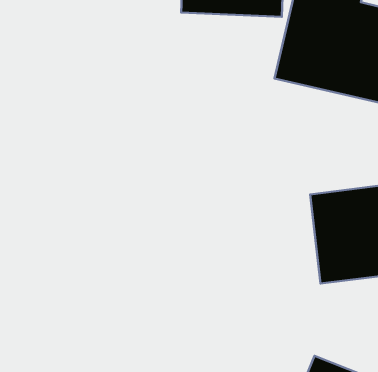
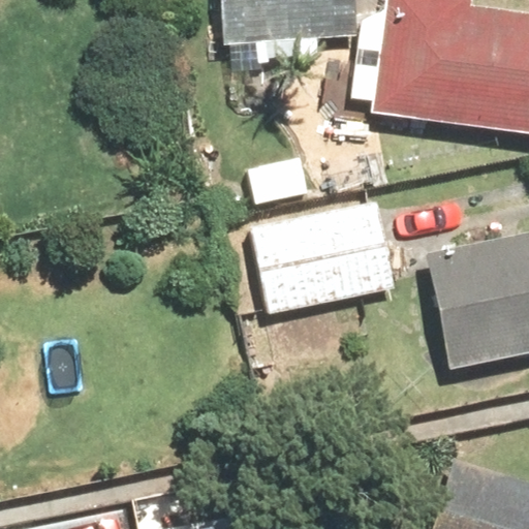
building: none -> [259,198,407,312]

